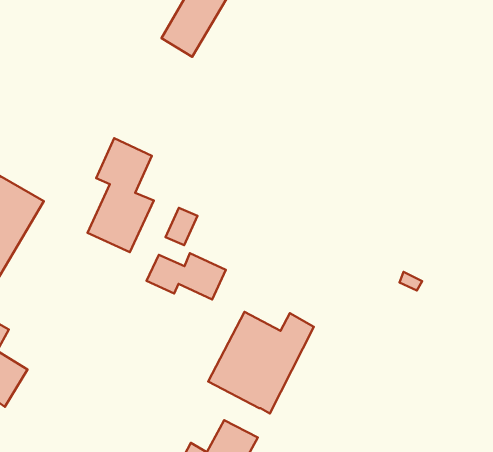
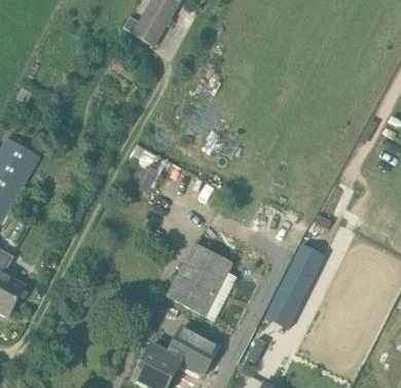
building: [87,138,154,252] -> none
building: [146,253,226,299] -> none
building: none -> [264,244,324,328]

